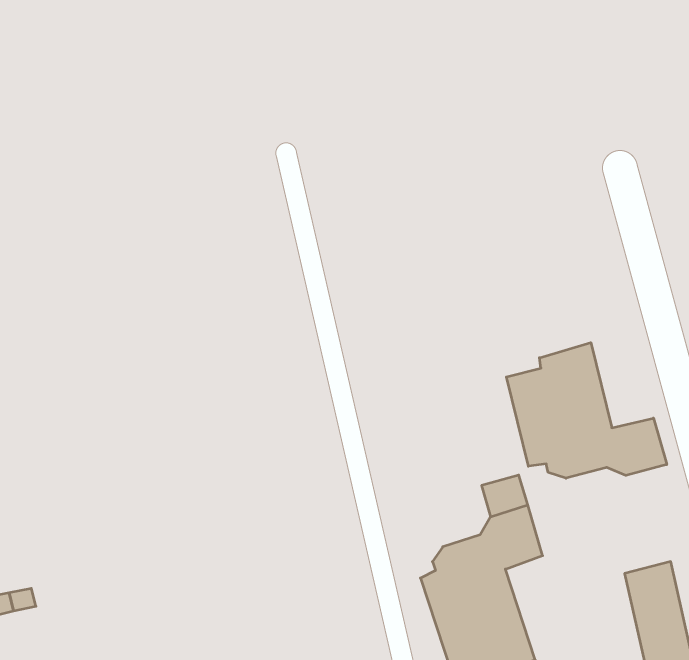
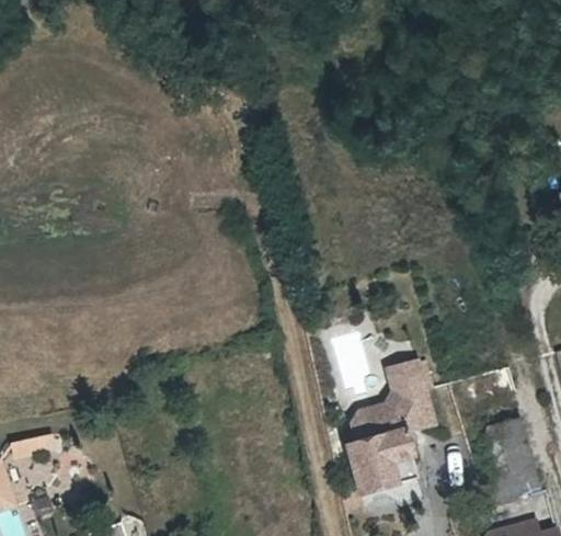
building: [506,343,667,478] -> none

